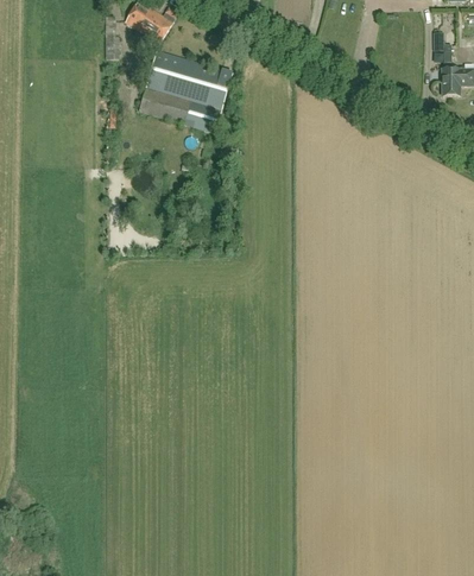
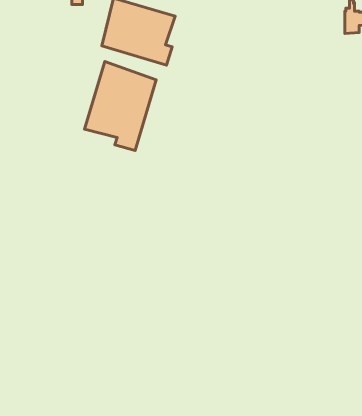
building: none -> [85,61,156,151]

